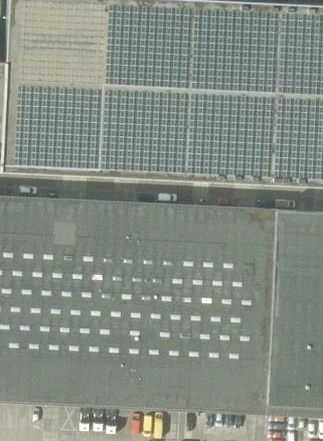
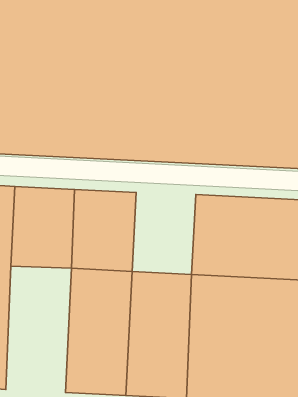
building: [146,208,209,289] -> none
building: [21,281,86,406] -> none

